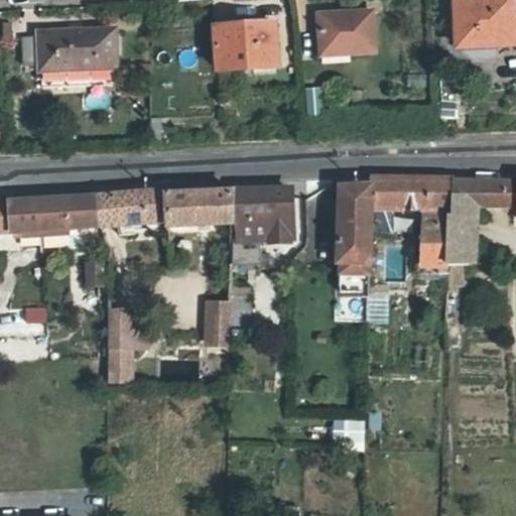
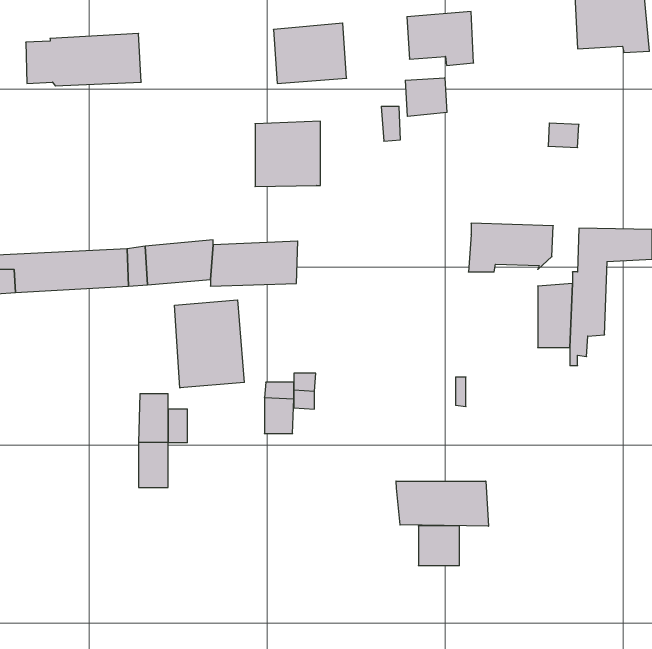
building: none -> [405,78,447,116]
building: [422,177,455,225] -> none
building: [339,184,370,292] -> none
building: [238,187,289,239] -> [255,121,320,187]
building: none -> [175,300,244,388]
building: none -> [396,481,488,526]

